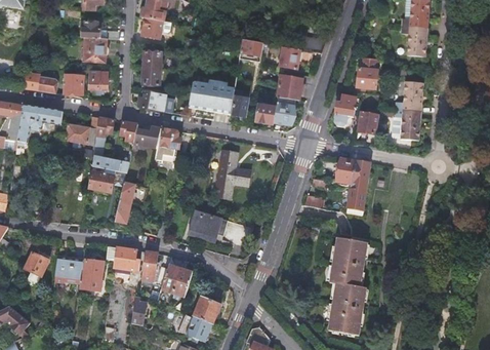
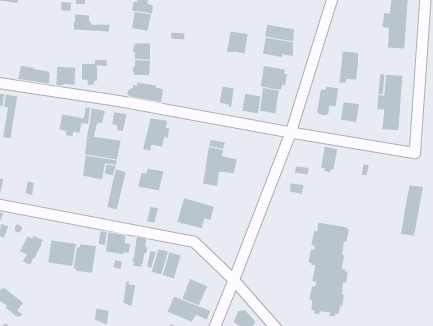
building: [84,37,106,62] -> none
building: [189,81,234,113] -> none
building: [14,106,60,154] -> none
building: [132,125,160,149] -> [138,168,164,191]
building: [346,161,371,215] -> [400,185,424,236]

